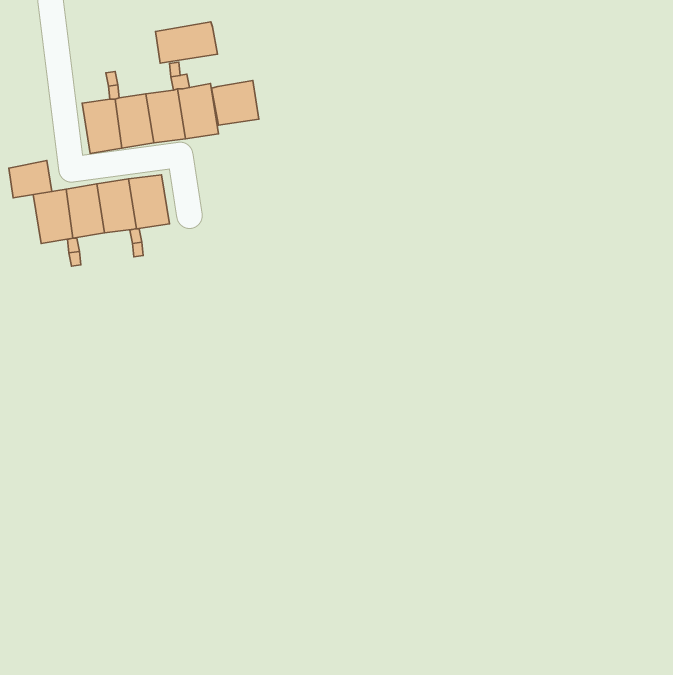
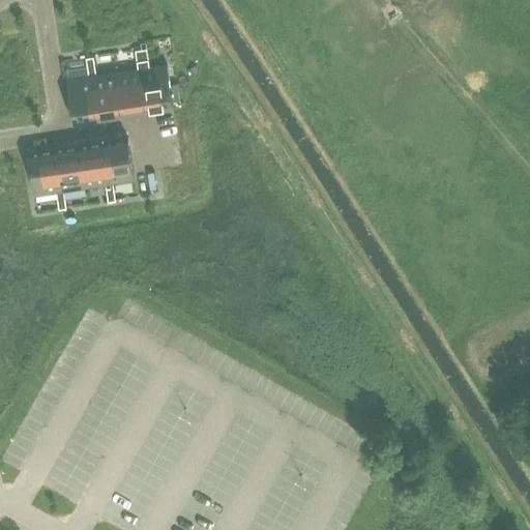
building: [155,22,217,63] -> none
building: [211,81,259,125] -> none
building: [9,161,52,198] -> none

